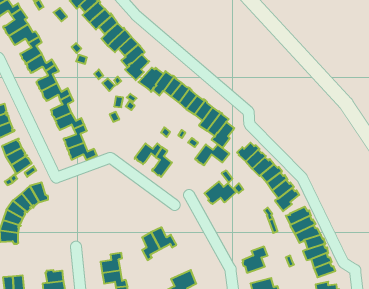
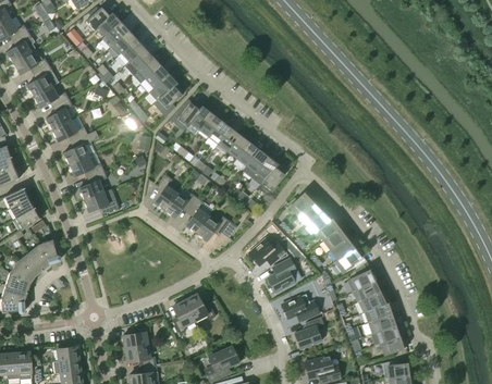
building: none -> [153,175,177,211]
building: [195,144,229,165] -> [196,216,237,241]
building: none -> [267,258,296,293]
building: none -> [281,297,319,321]

